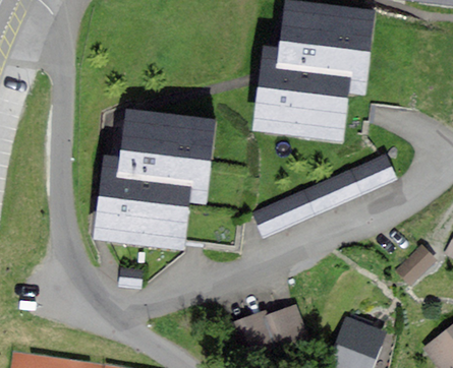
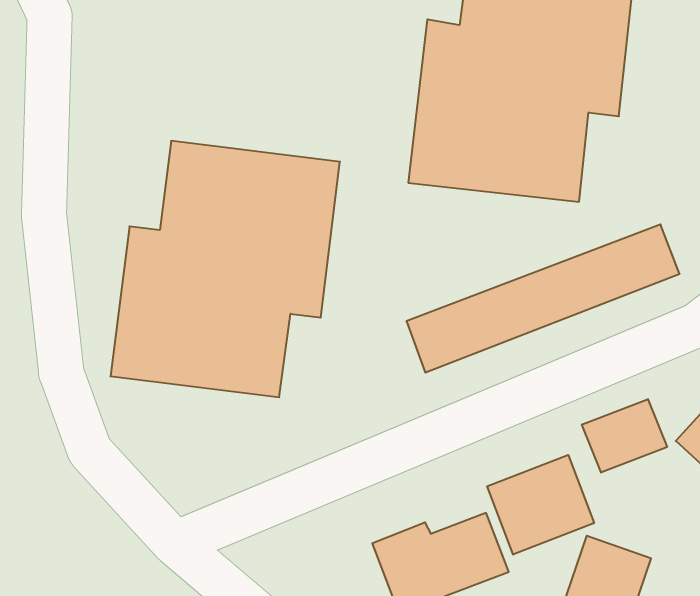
building: none -> [582,399,667,473]
building: none -> [487,455,594,555]

